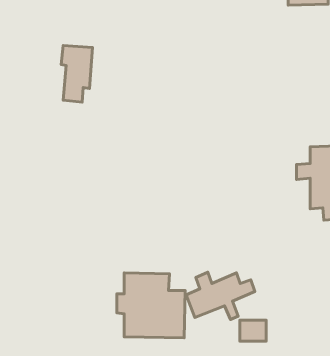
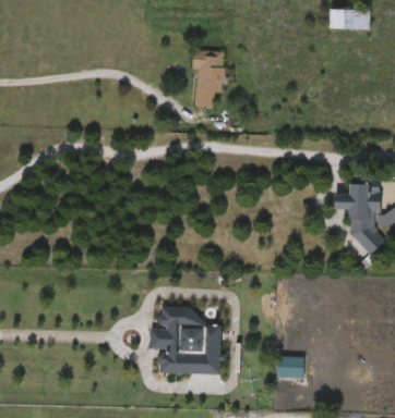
building: [61,46,93,102] -> [192,50,225,109]
building: [186,272,255,319] -> none

